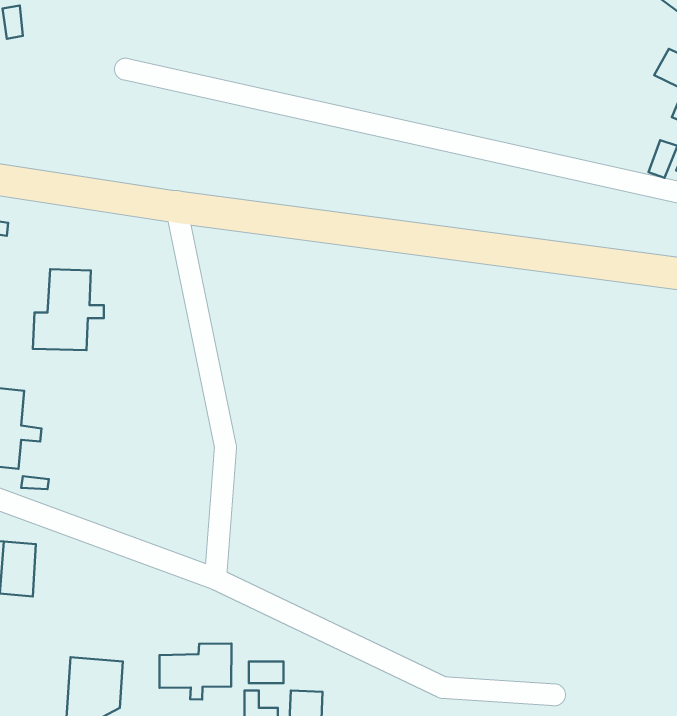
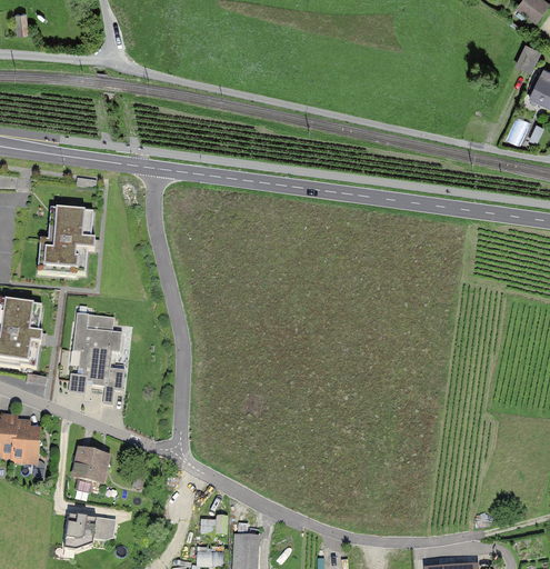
building: none -> [70,311,127,405]
building: none -> [68,446,111,483]
building: [159,644,232,700] -> none

